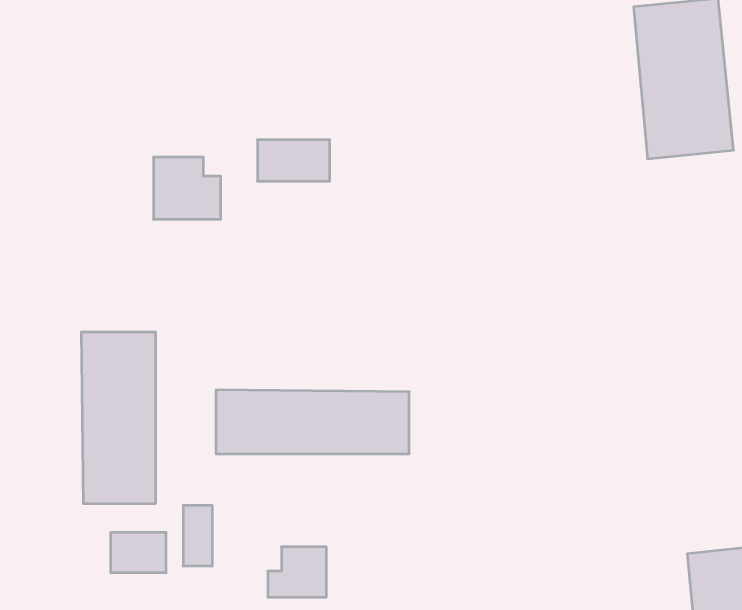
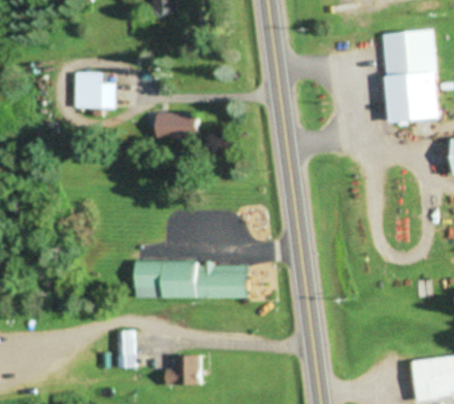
building: [153,157,221,219] -> [75,71,116,108]
building: [81,332,155,504] -> none
building: [111,532,166,573] -> none

